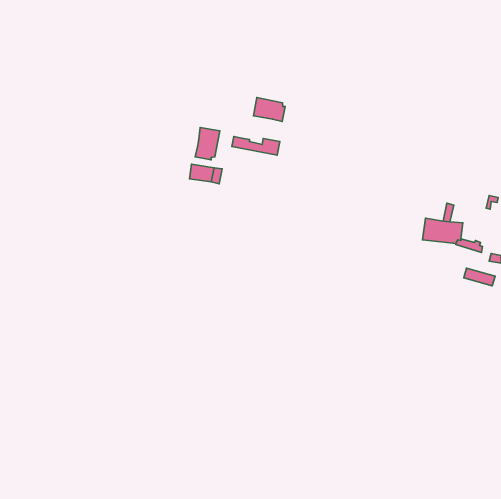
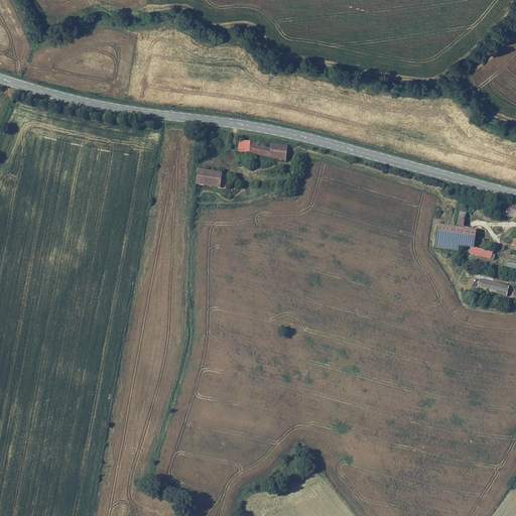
building: [253,98,285,122] -> none
building: [195,127,220,160] -> none

